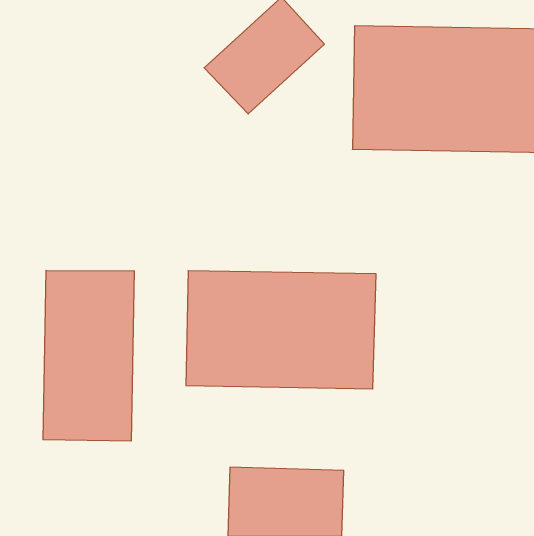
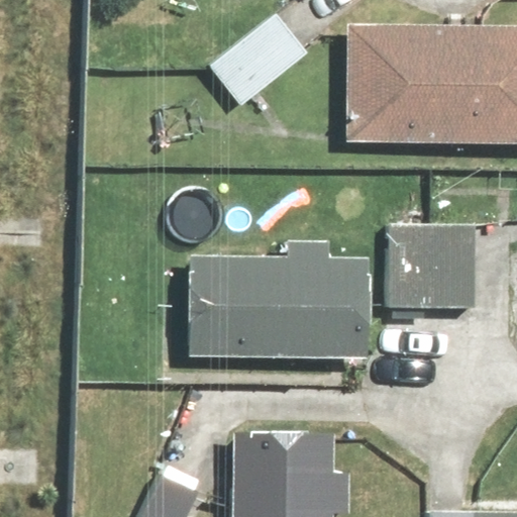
building: none -> [390,214,479,309]
building: [43,270,134,441] -> none

